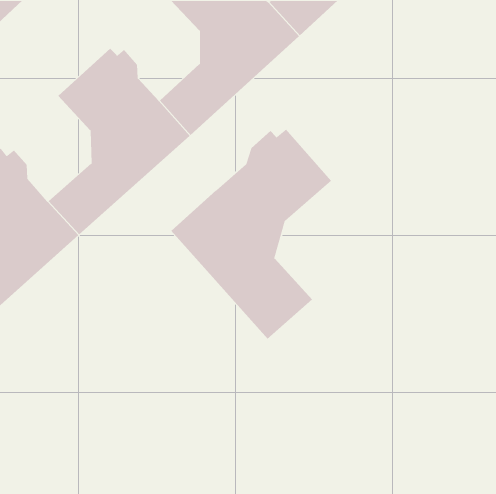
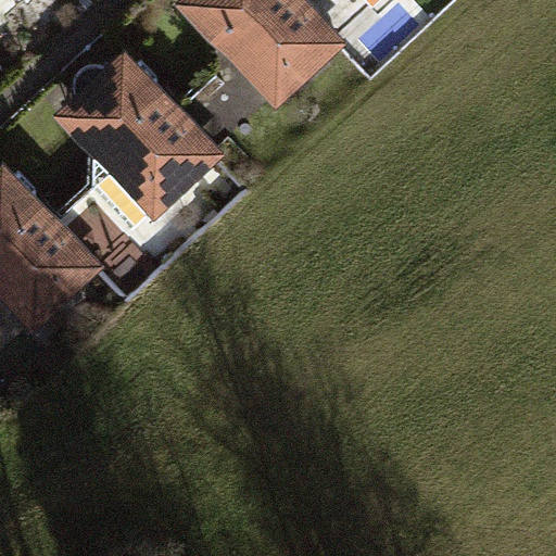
building: [170,129,332,339] -> none

